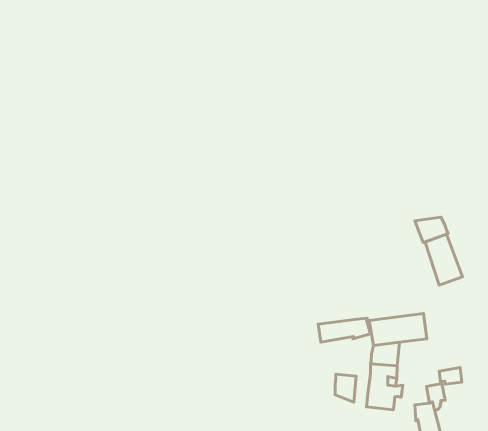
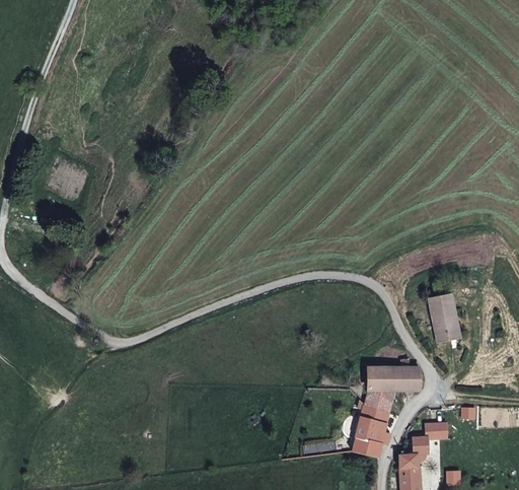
building: [415,217,448,243] -> none
building: [318,318,371,342] -> none
building: [335,374,356,402] -> none

